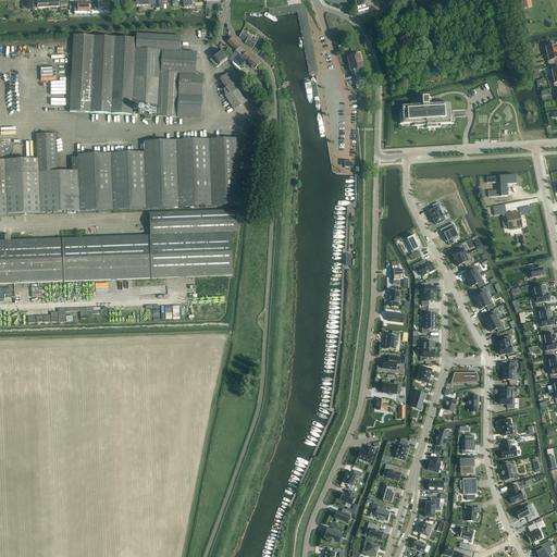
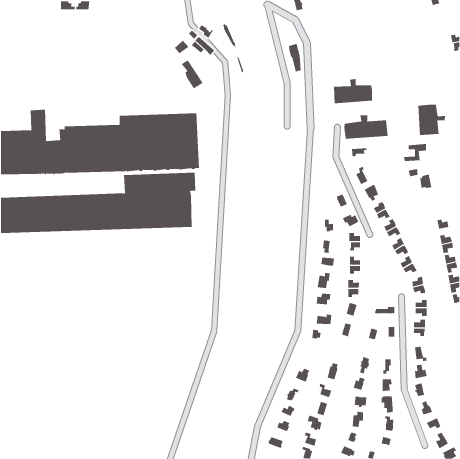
building: [70,32,203,117] -> none
building: none -> [418,104,445,136]
building: none -> [344,115,388,139]

